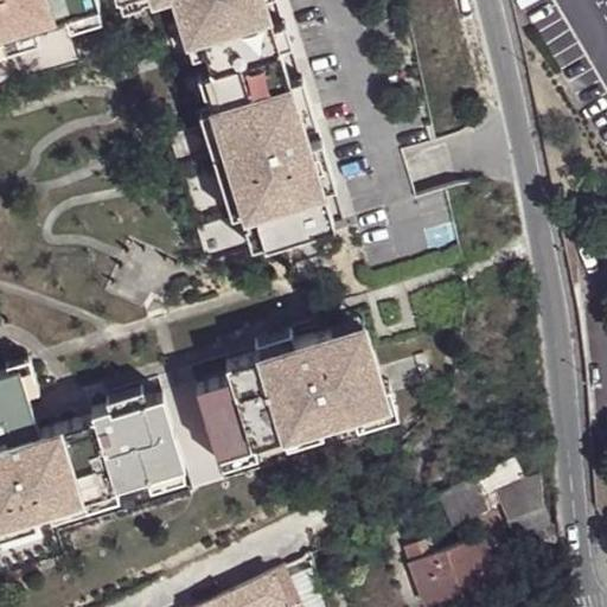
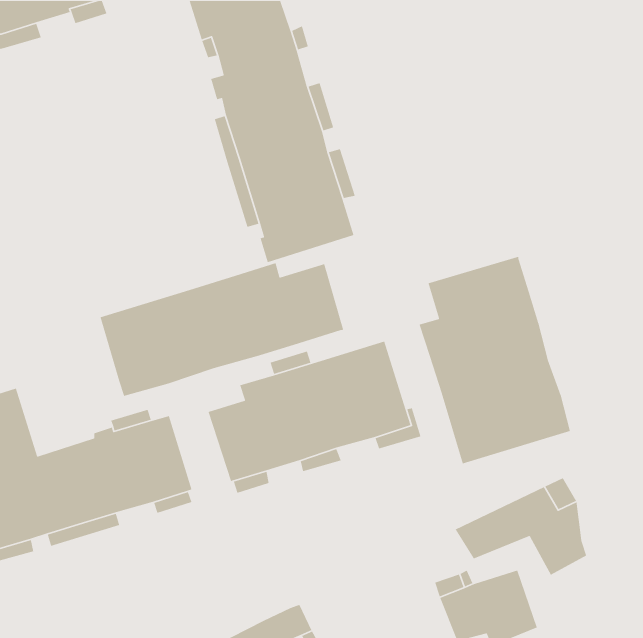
building: none -> [419,256,571,464]
building: none -> [99,262,344,397]

